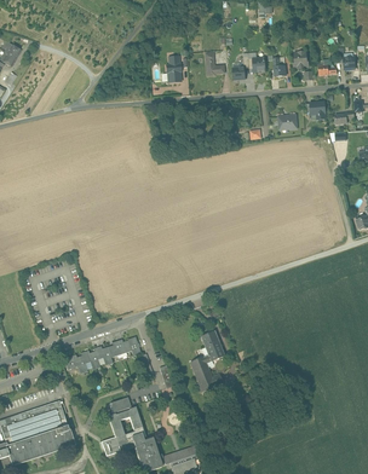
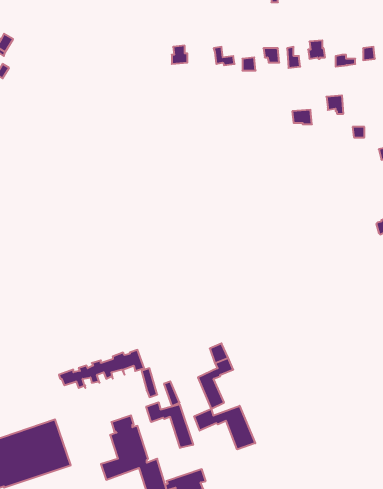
building: none -> [146,402,193,448]
building: none -> [194,406,255,449]

